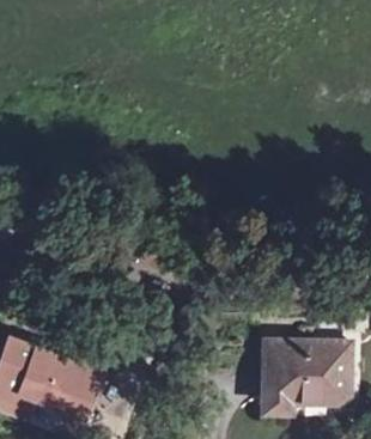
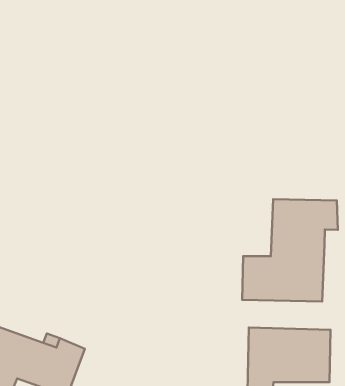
building: none -> [242,199,338,301]

